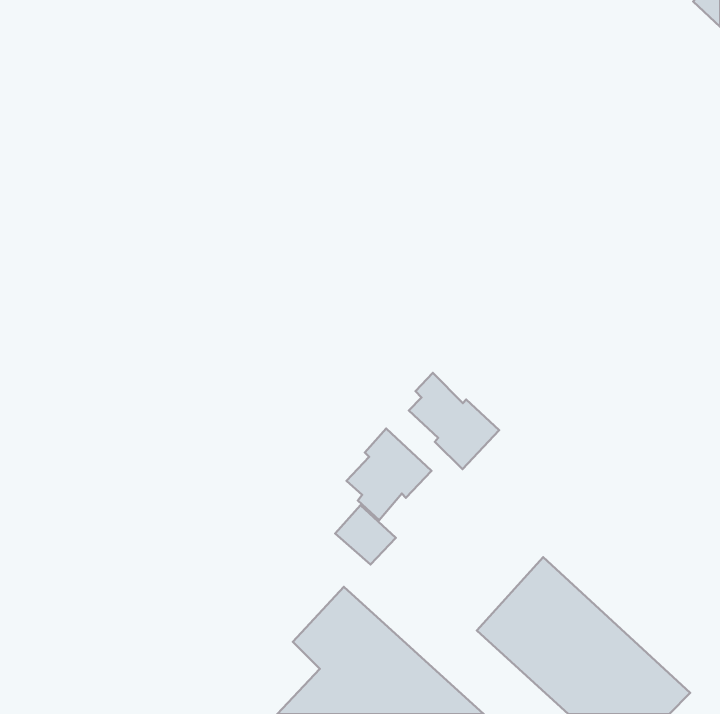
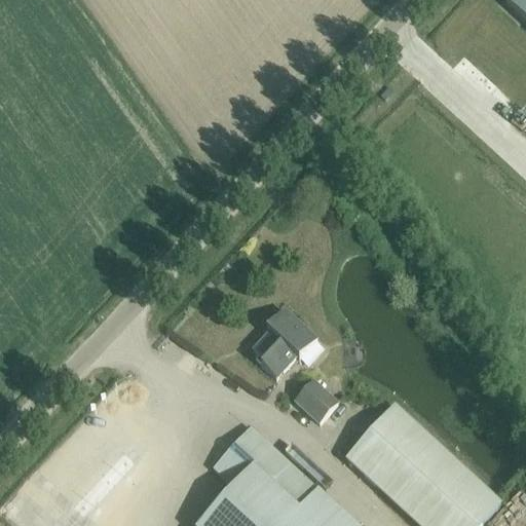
building: [409,373,499,469] -> none
building: [335,505,396,565] -> [296,376,340,419]

